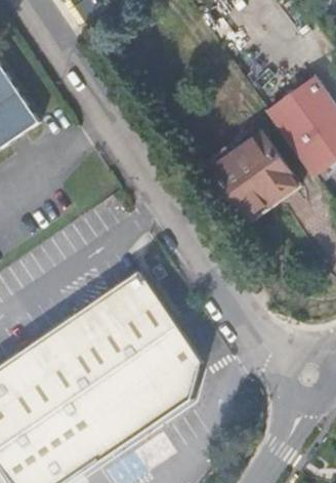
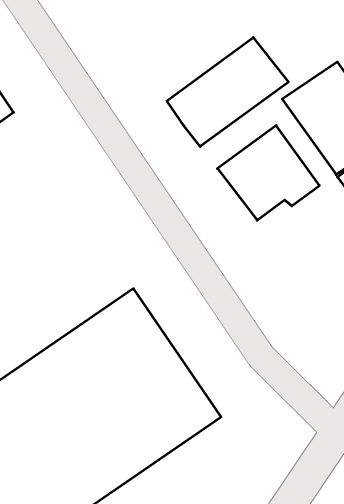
building: none -> [167,37,288,147]

